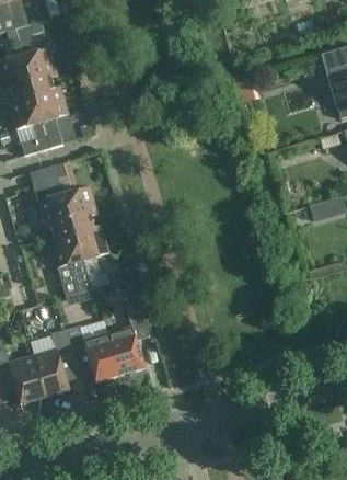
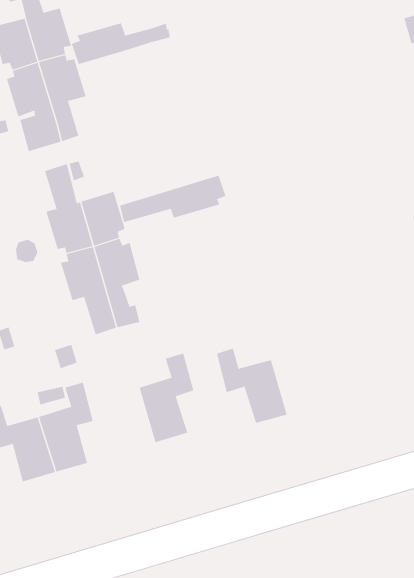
building: none -> [71,22,170,65]
building: none -> [120,175,226,223]
building: [66,324,119,381] -> [216,348,287,423]

